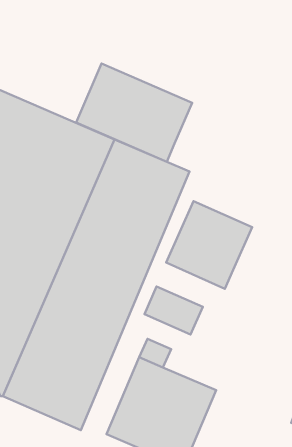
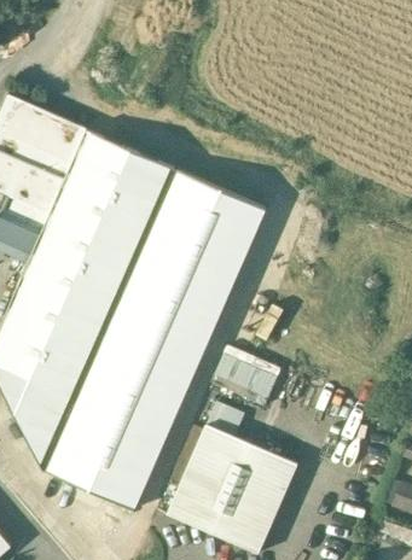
building: [76,64,192,162] -> none
building: [166,201,252,289] -> none

